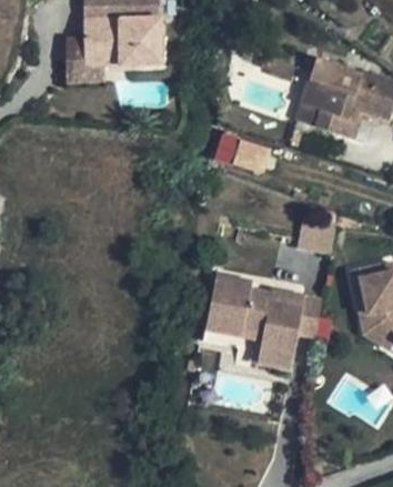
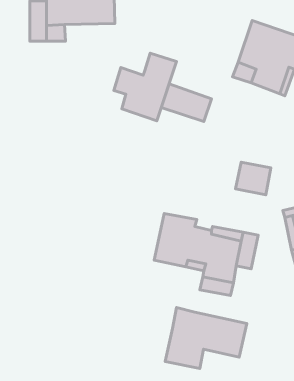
building: none -> [114,53,177,121]
building: none -> [165,308,247,368]

